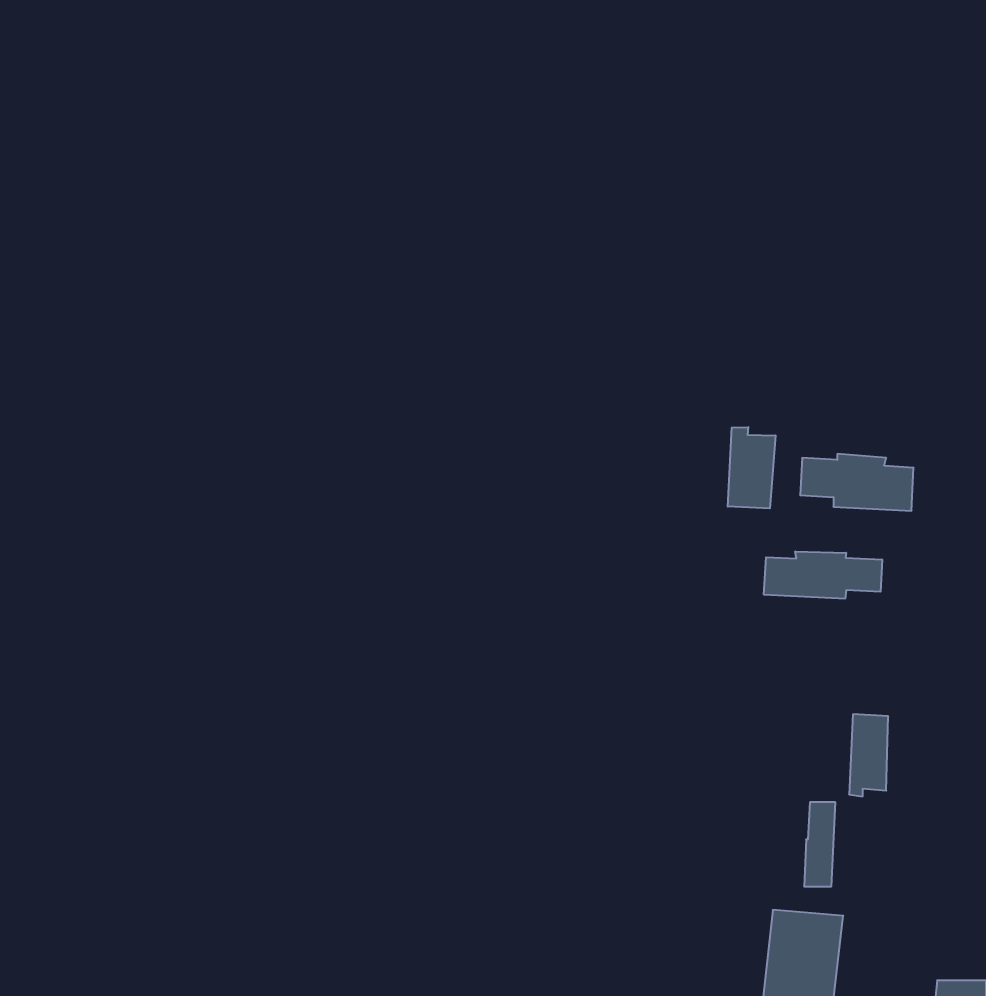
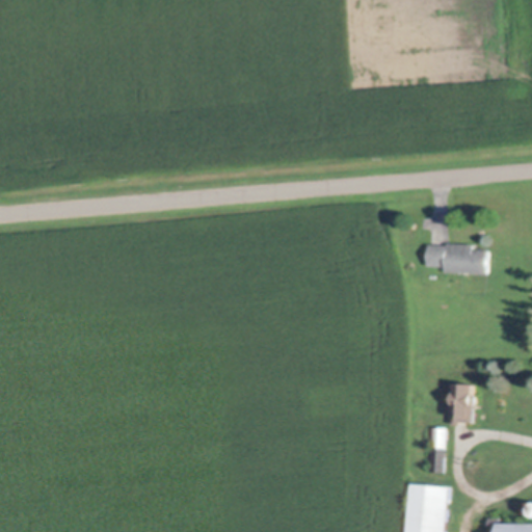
building: [728,427,776,508] -> none
building: [764,551,882,599] -> none

